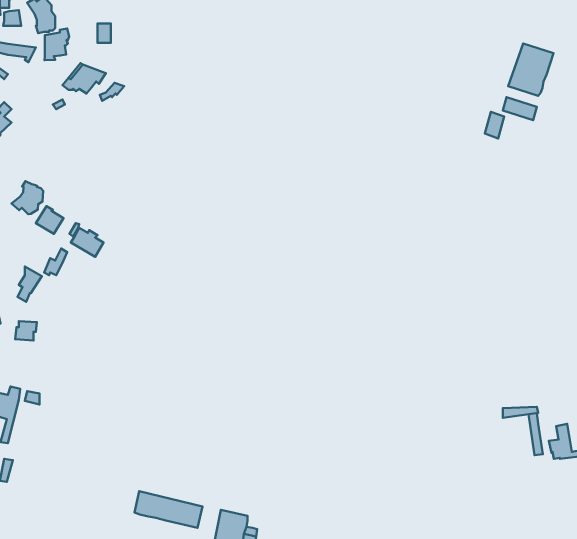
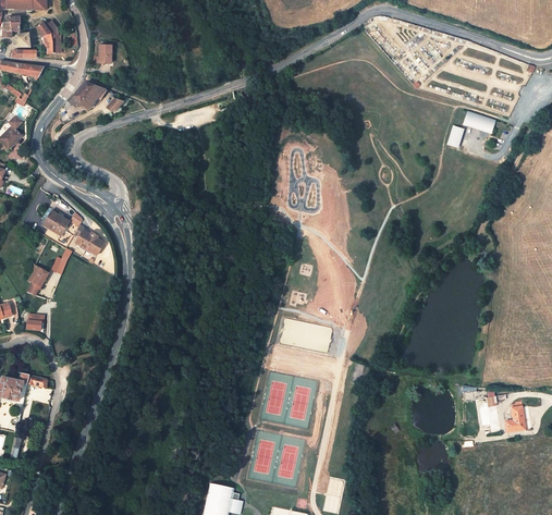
building: [45,29,69,60] -> none
building: [508,43,554,96] -> none
building: [12,181,43,214] -> none
building: [134,491,202,528] -> none

